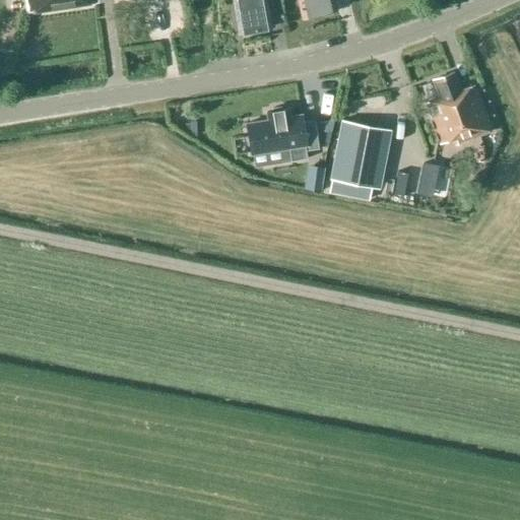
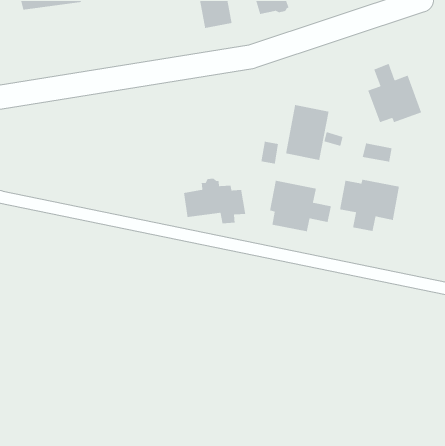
building: [247,107,320,160] -> [183,178,246,224]
building: none -> [339,179,400,232]
building: none -> [269,180,332,232]

